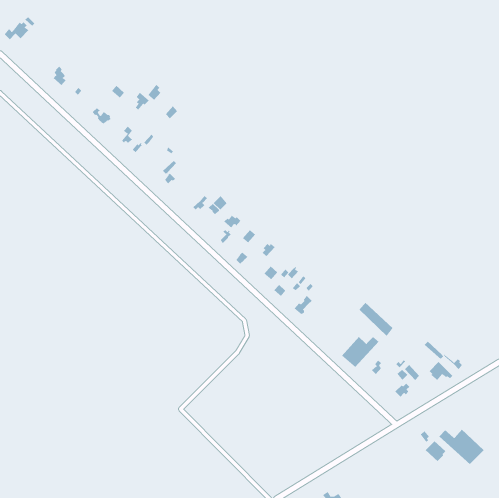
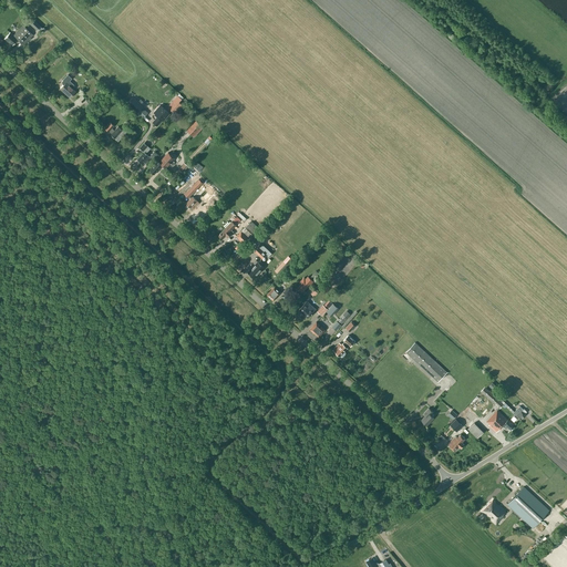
building: [341,336,380,368] -> none

